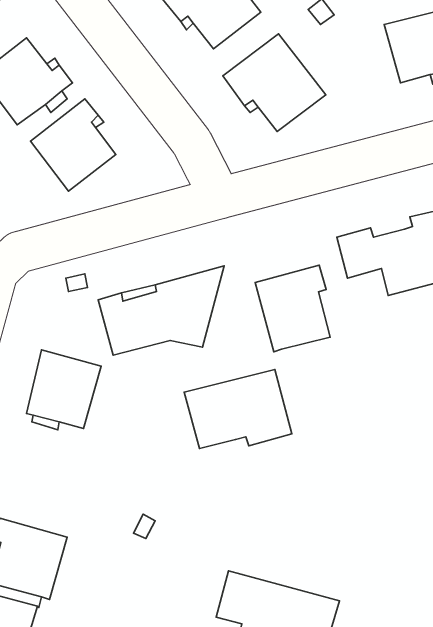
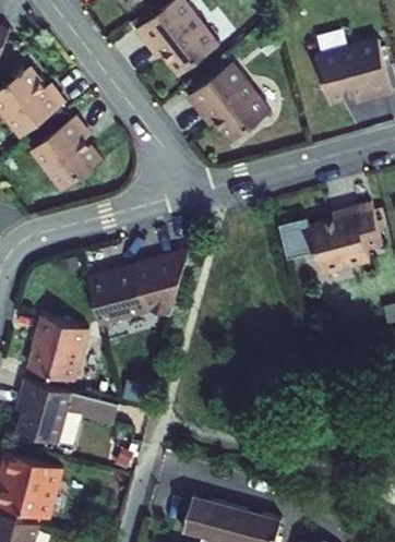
building: [255,265,330,352] -> none
building: [184,369,292,448] -> none
building: none -> [17,378,118,442]

